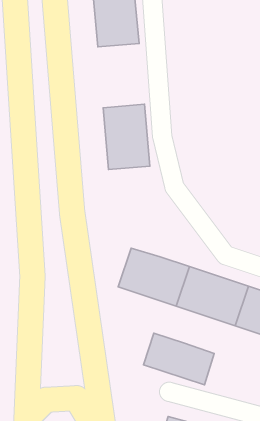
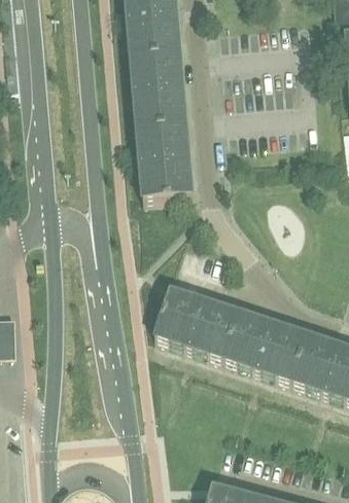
building: none -> [131,51,185,127]
building: [143,333,214,385] -> none

